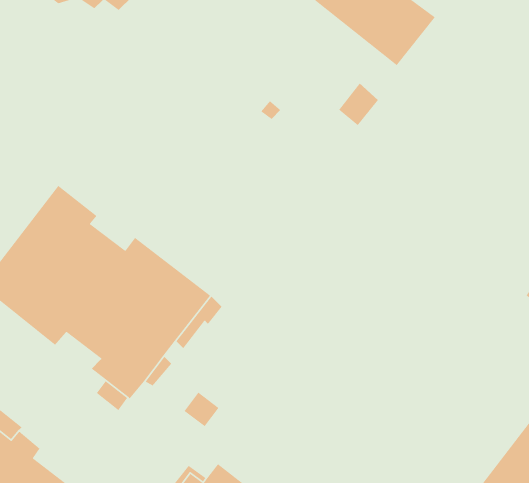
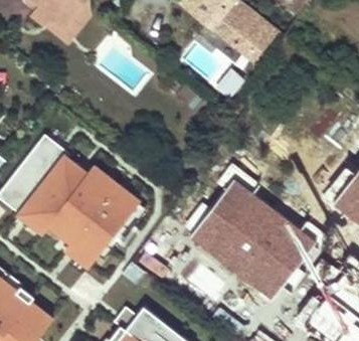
building: none -> [191,179,314,296]

